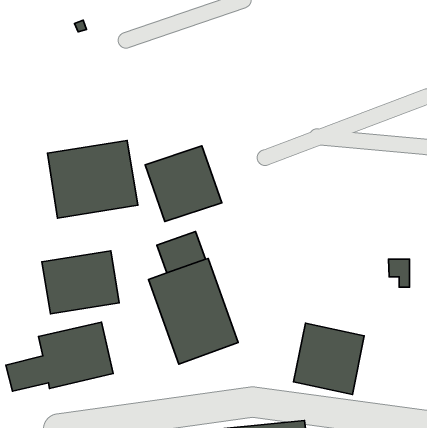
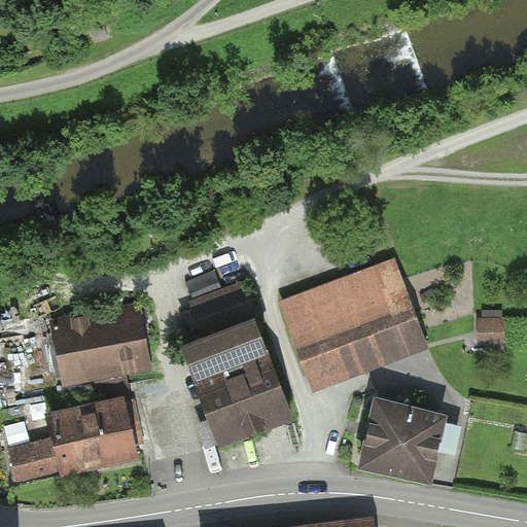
building: [47,140,138,218] -> none
building: [145,146,222,222] -> none
building: none -> [276,259,426,393]

